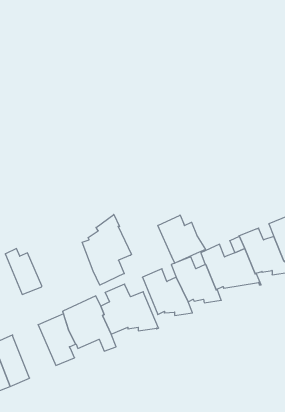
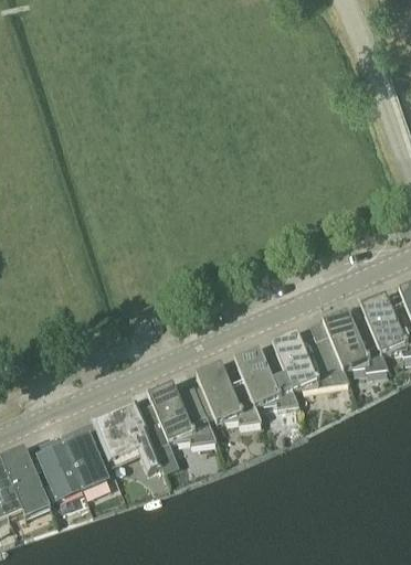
building: [82,214,131,285] -> none
building: [158,215,205,263] -> none
building: [5,249,42,294] -> [35,439,83,499]

